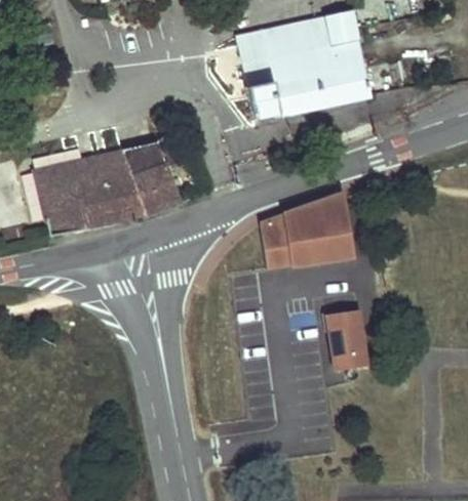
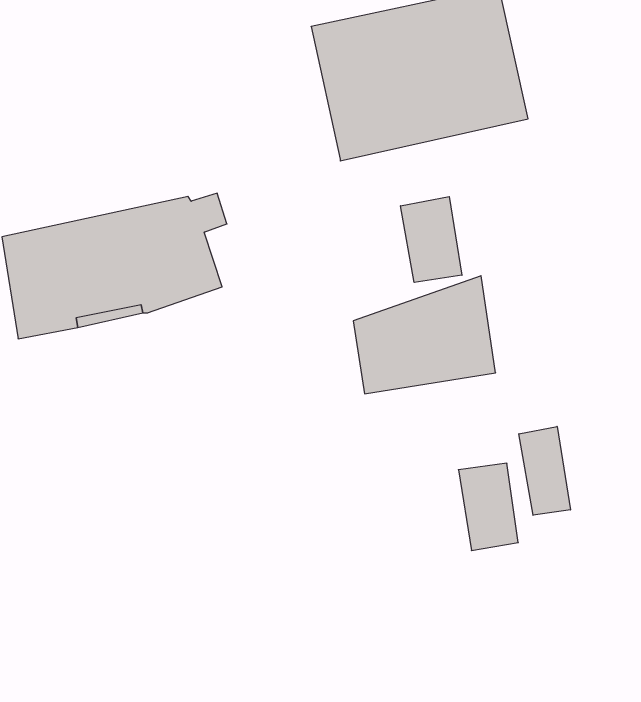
building: none -> [401,197,462,282]
building: none -> [519,426,570,515]

